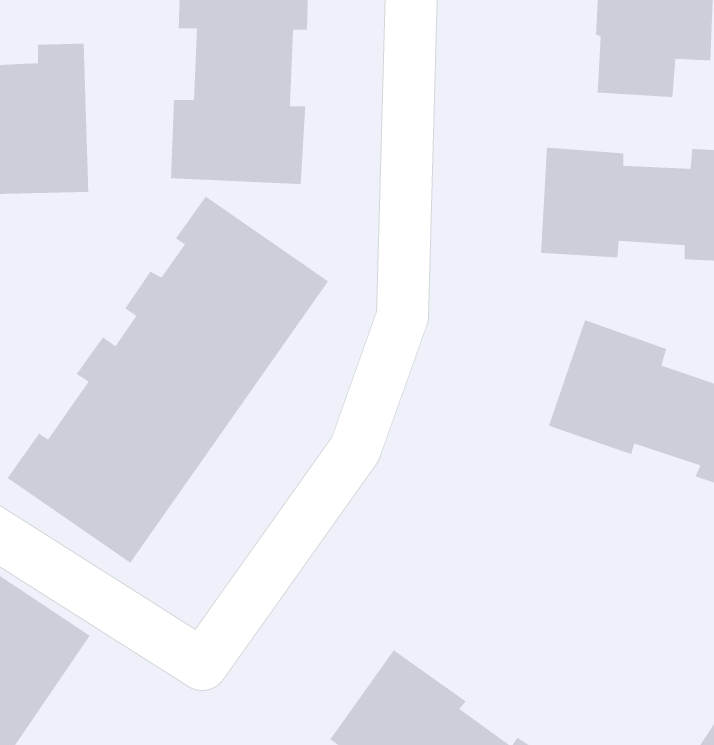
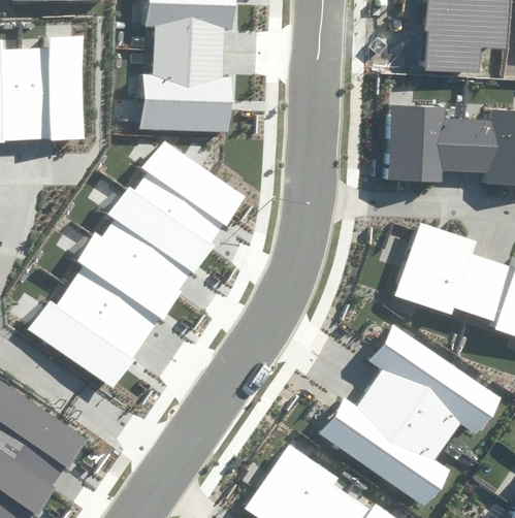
building: none -> [318,323,501,506]

